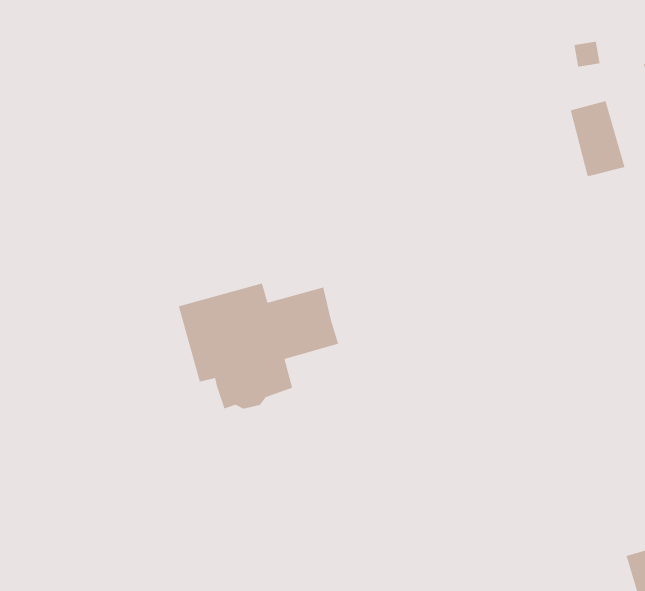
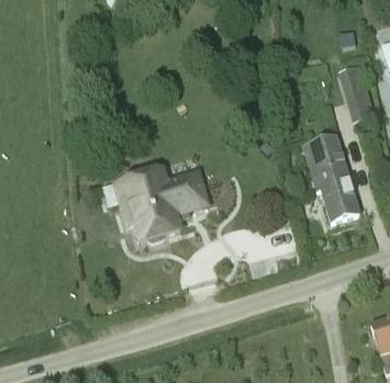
building: none -> [303,136,361,224]

